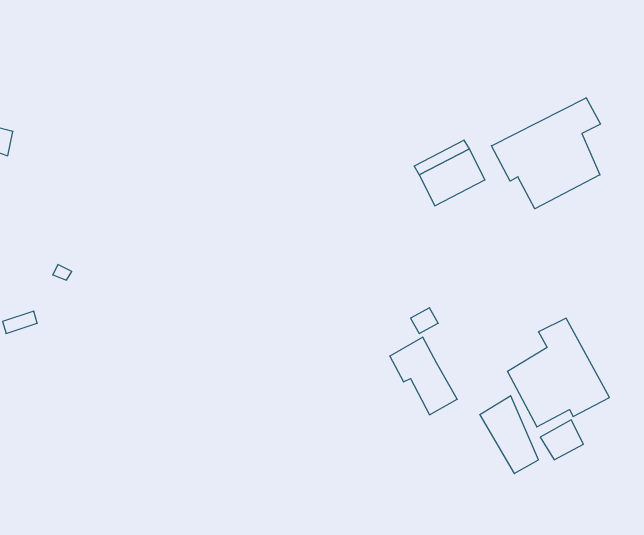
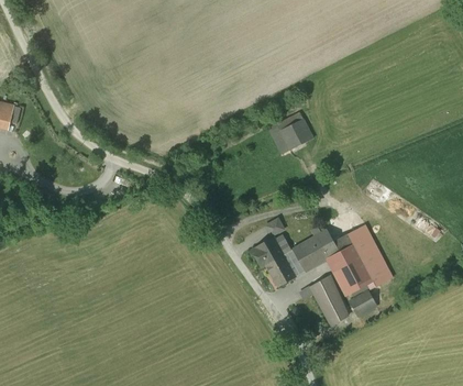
building: [491,98,601,209] -> none
building: none -> [282,230,352,277]

